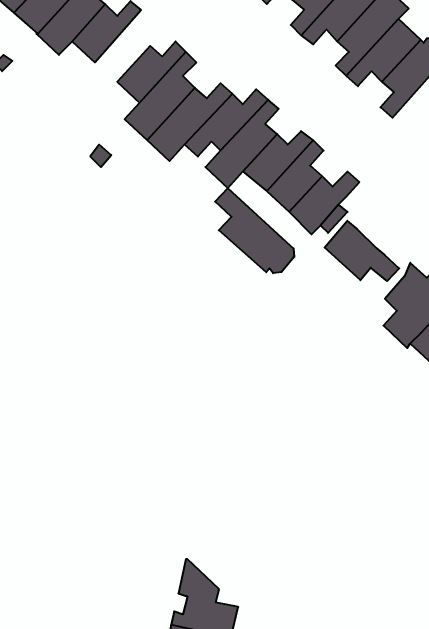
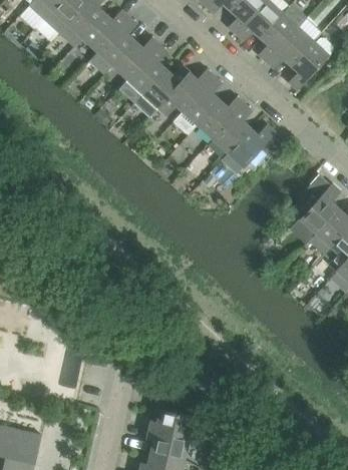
building: none -> [88,17,135,74]
building: [215,188,294,273] -> none
building: [325,221,399,281] -> none

